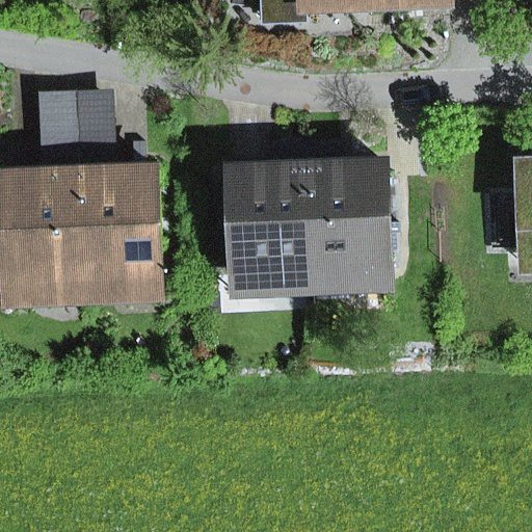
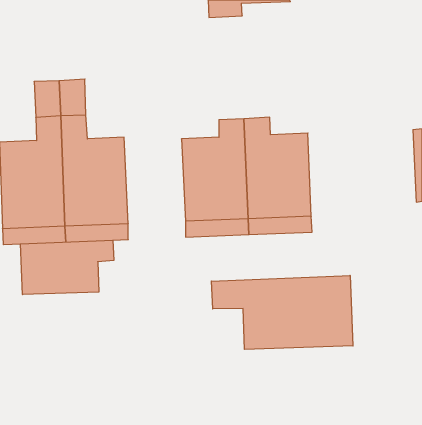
building: none -> [20,240,114,295]
building: none -> [211,275,353,349]

